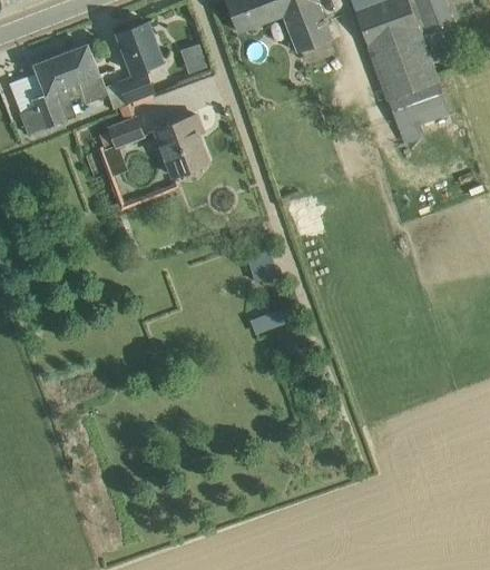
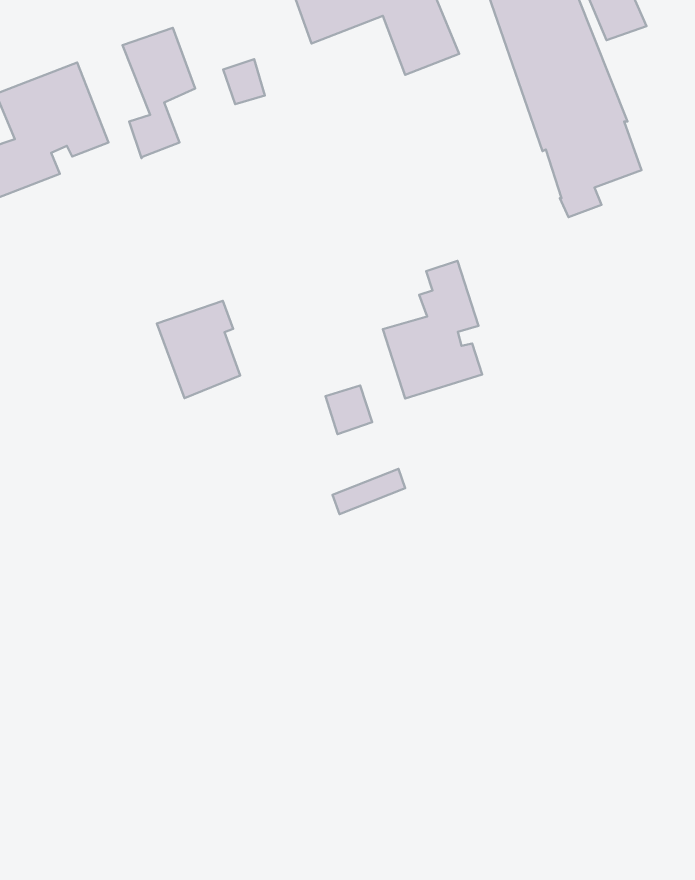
building: [98,104,143,148] -> none
building: [154,114,207,176] -> [157,301,240,398]
building: none -> [383,261,482,399]

